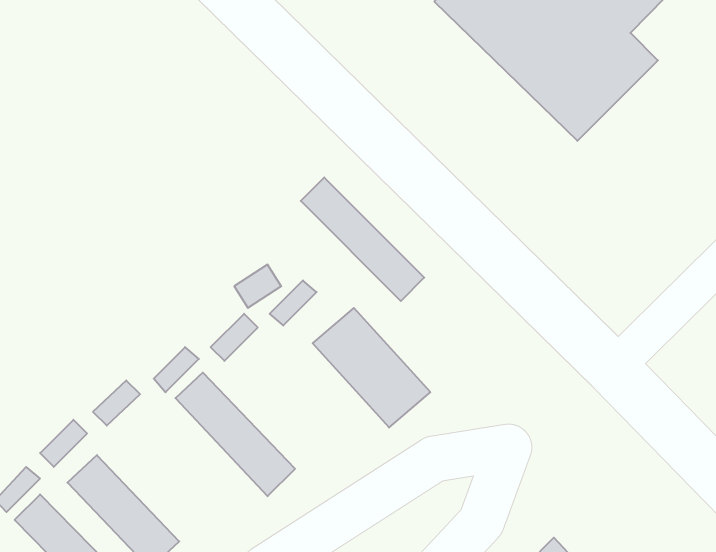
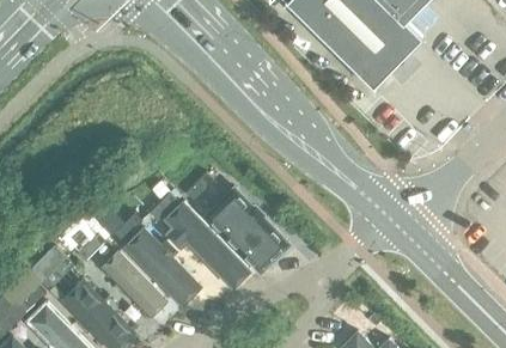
building: [301,177,424,301] -> [169,207,244,282]
building: none -> [103,252,163,315]

